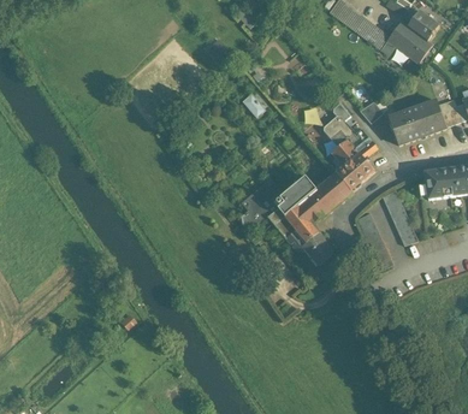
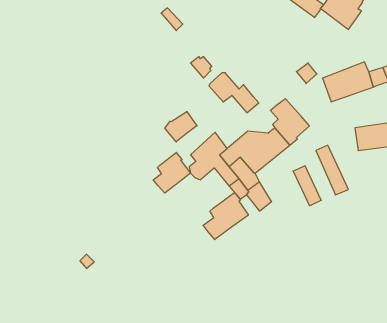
building: [322,114,378,159] -> [209,73,259,113]
building: none -> [165,111,197,142]
building: none -> [153,152,190,193]
building: none -> [203,193,248,240]

